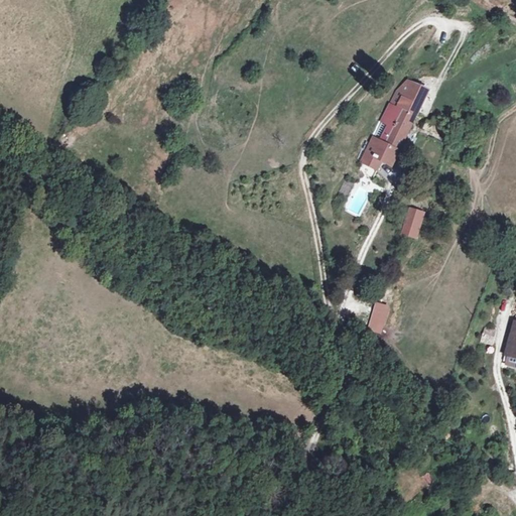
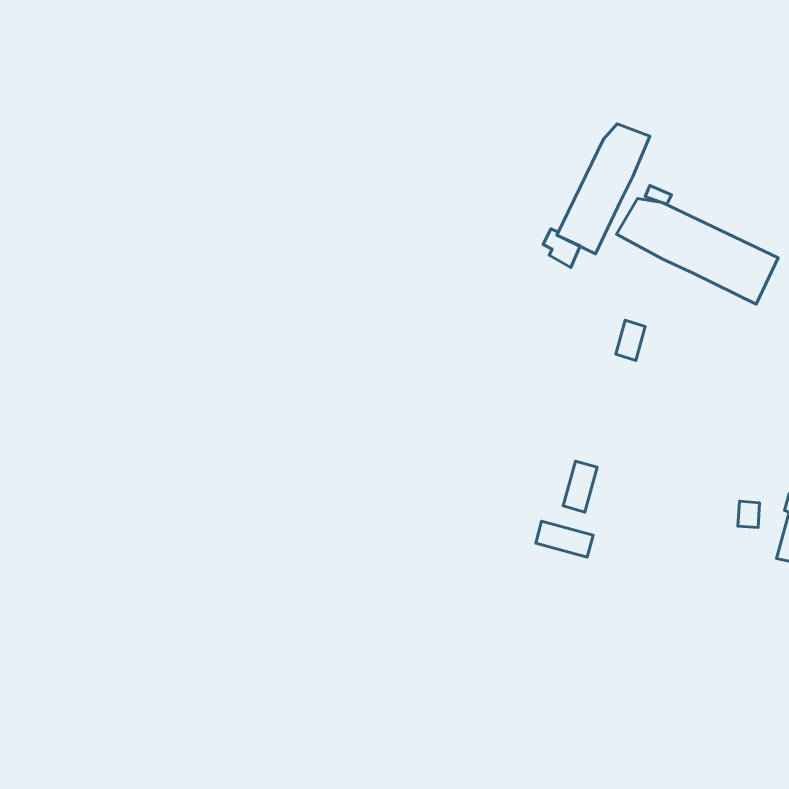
building: none -> [616,198,778,304]
building: none -> [536,521,593,557]

